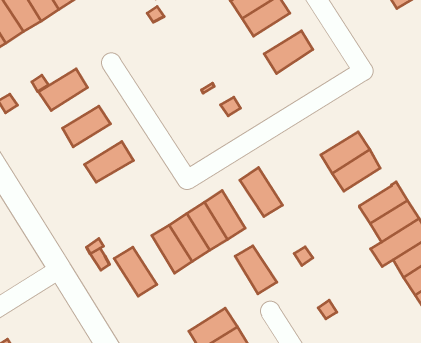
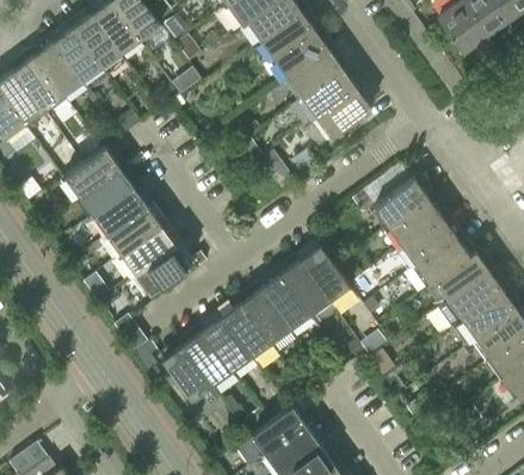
building: none -> [302,69,356,117]
building: none -> [79,168,132,216]
building: none -> [372,178,427,227]
building: none -> [106,208,161,255]
building: none -> [135,247,190,295]
building: none -> [415,237,469,286]
building: none -> [181,331,230,385]
building: [235,246,277,294] -> [278,261,327,315]

